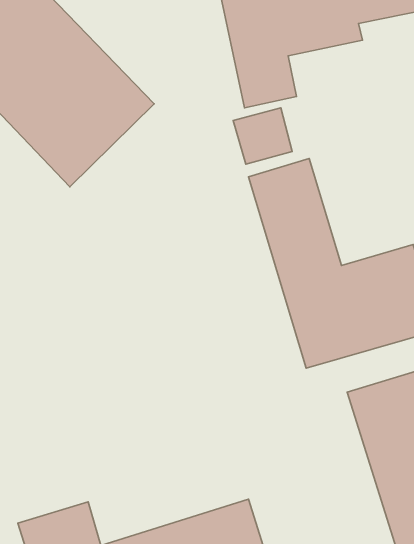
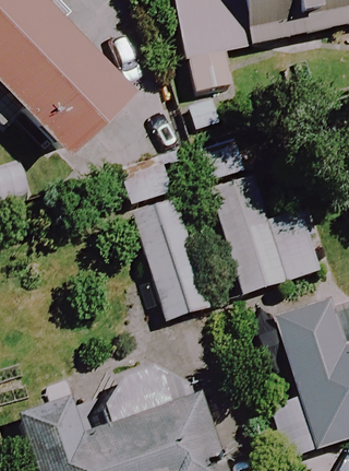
building: none -> [120,156,208,317]

